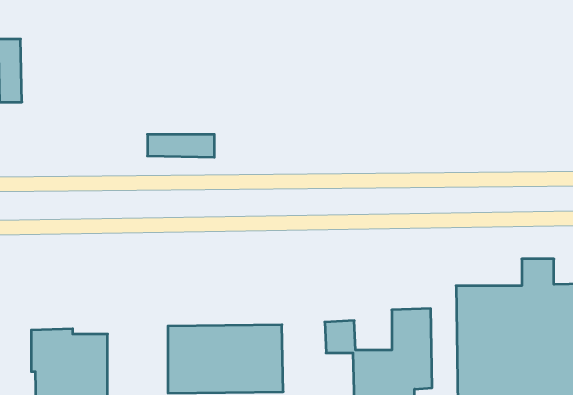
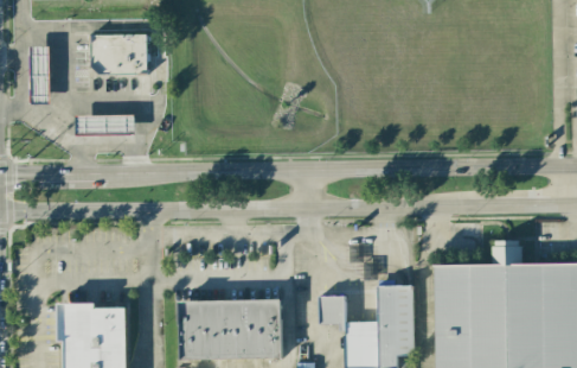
building: none -> [91,33,147,72]
building: [147,134,214,157] -> [76,114,135,134]

